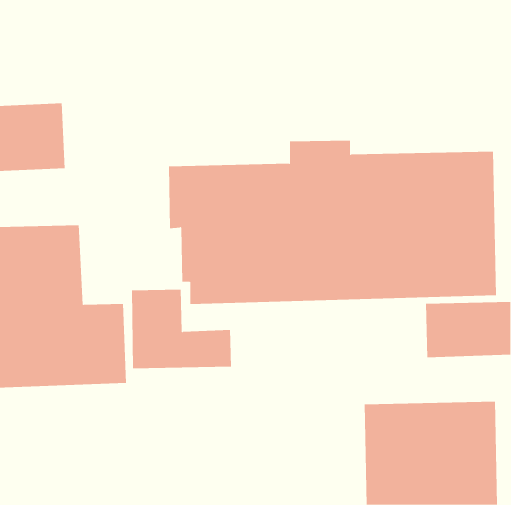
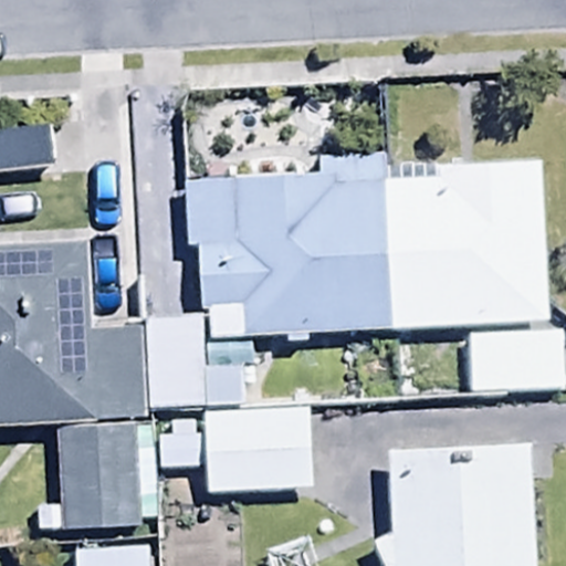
building: none -> [155,412,311,493]
building: none -> [34,424,137,530]

